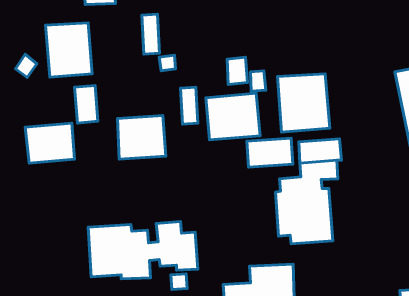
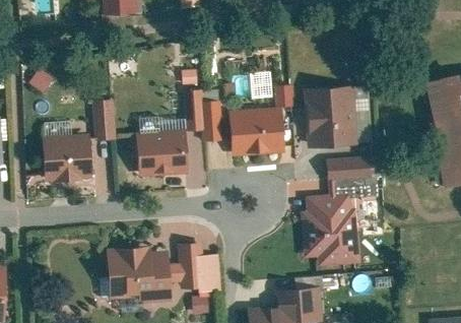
building: [142,14,159,54] -> [185,89,203,131]
building: [46,23,92,77] -> none
building: [247,138,293,167] -> none

